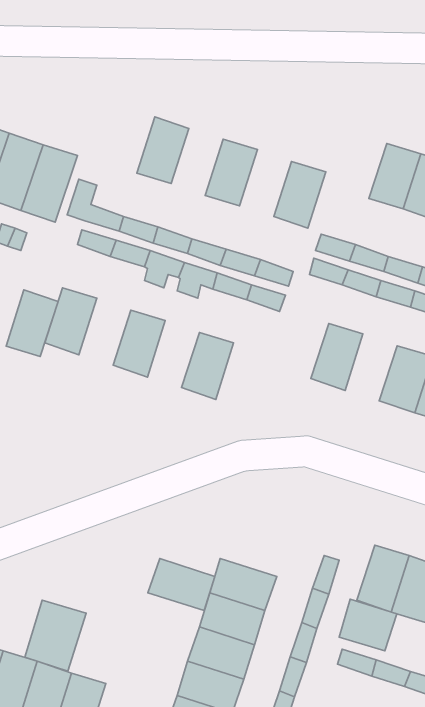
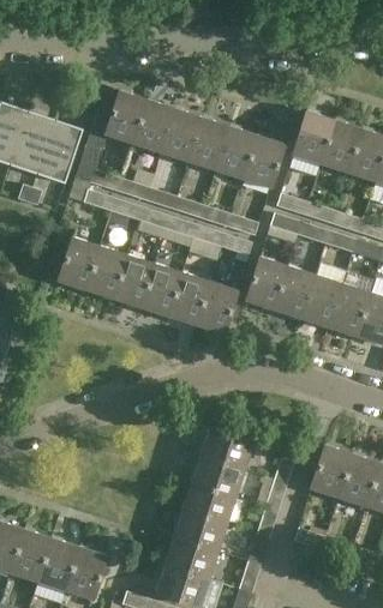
building: none -> [91,90,146,144]
building: none -> [160,108,202,162]
building: none -> [292,110,334,164]
building: none -> [215,125,257,179]
building: [6,290,58,357] -> [85,245,127,299]
building: none -> [245,255,287,309]
building: none -> [140,263,182,317]
building: none -> [300,273,342,327]
building: none -> [196,281,238,335]
building: [148,559,215,611] -> [199,427,253,469]
building: [339,599,397,651] -> none
building: [25,600,86,671] -> none

